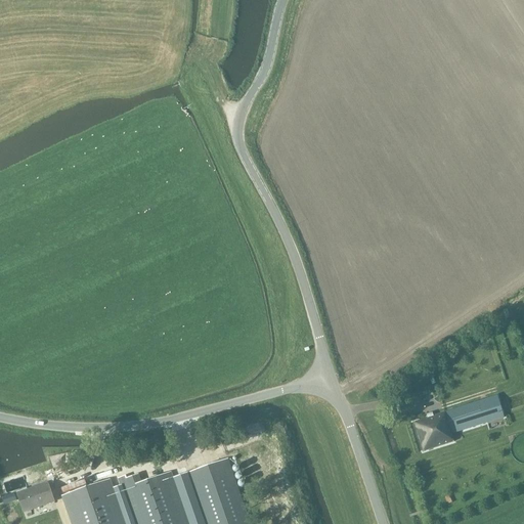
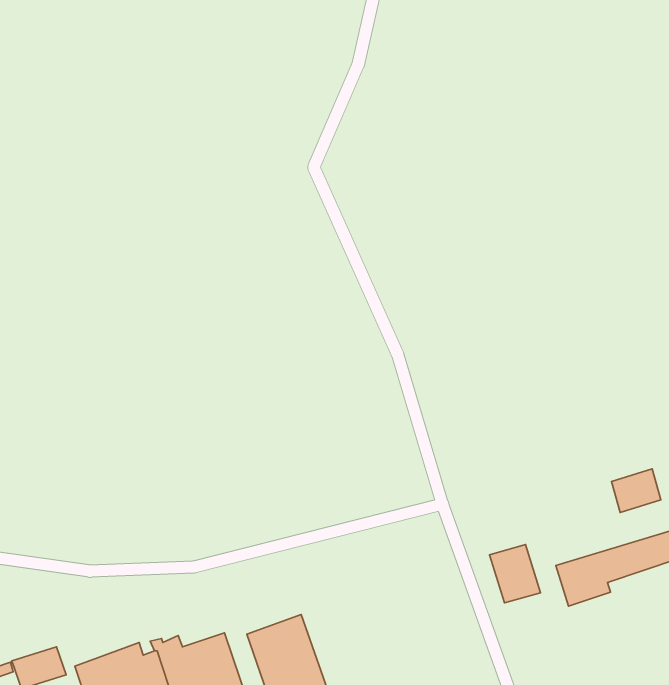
building: none -> [612,469,661,512]
building: none -> [489,545,541,603]

